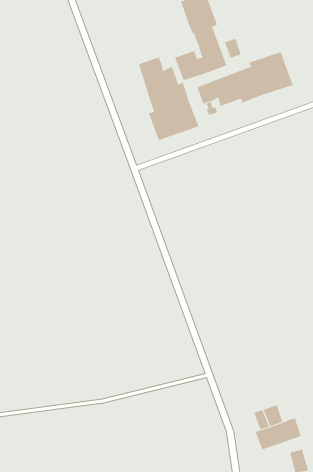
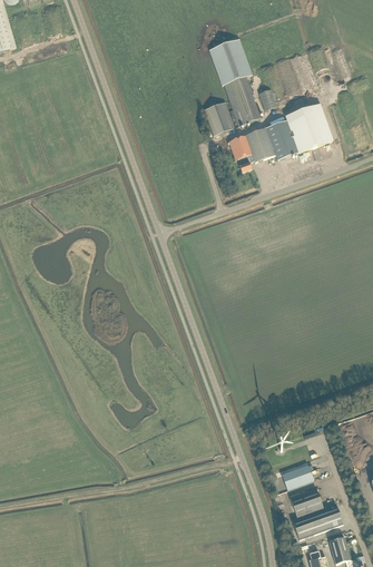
building: [138,56,199,141] -> none
building: none -> [281,463,313,489]

